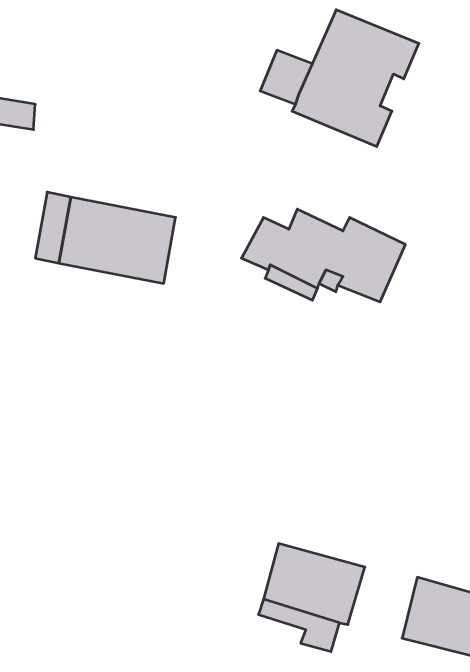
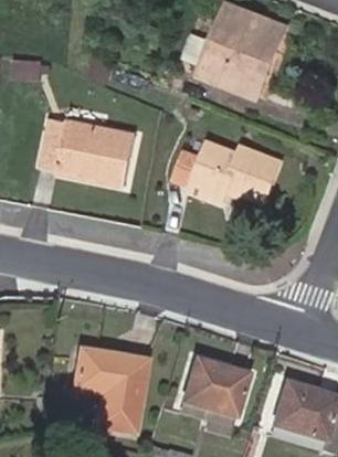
building: none -> [74,353,150,432]

